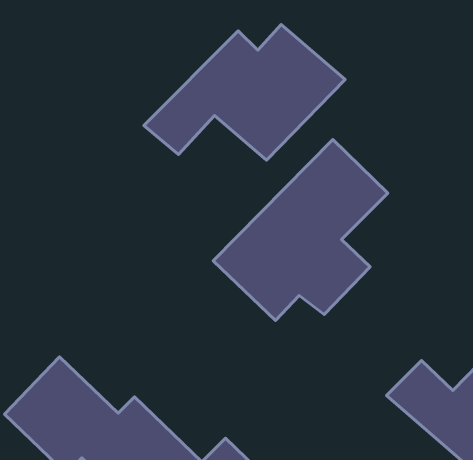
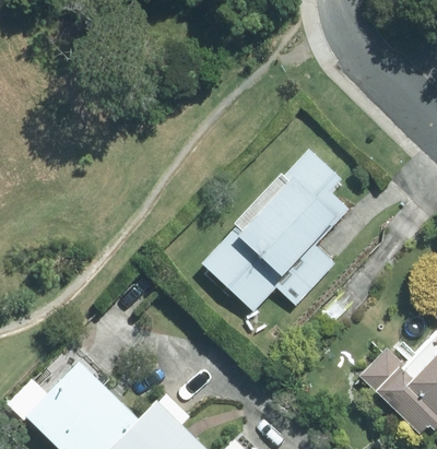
building: [144,24,345,160] -> none

